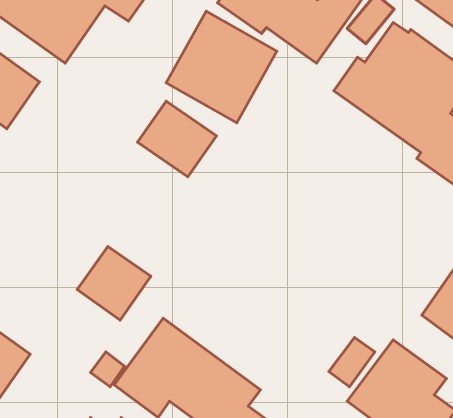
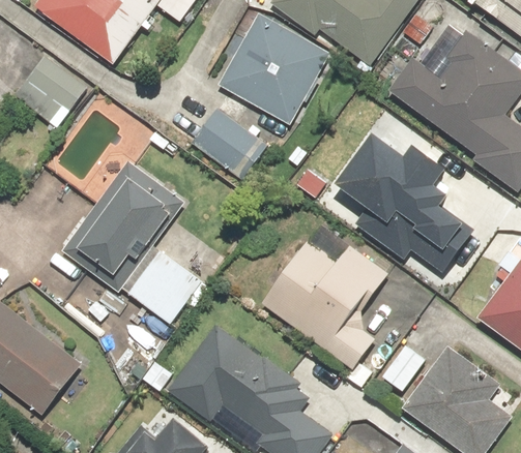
building: none -> [334,132,470,253]
building: none -> [62,159,185,281]
building: none -> [262,239,388,371]

